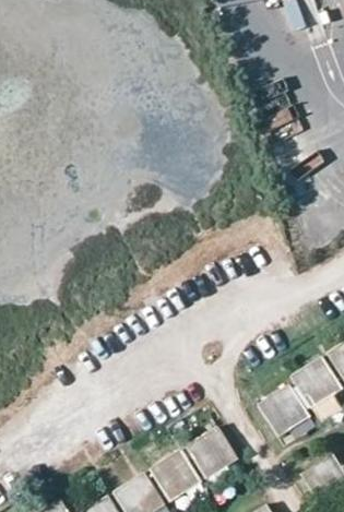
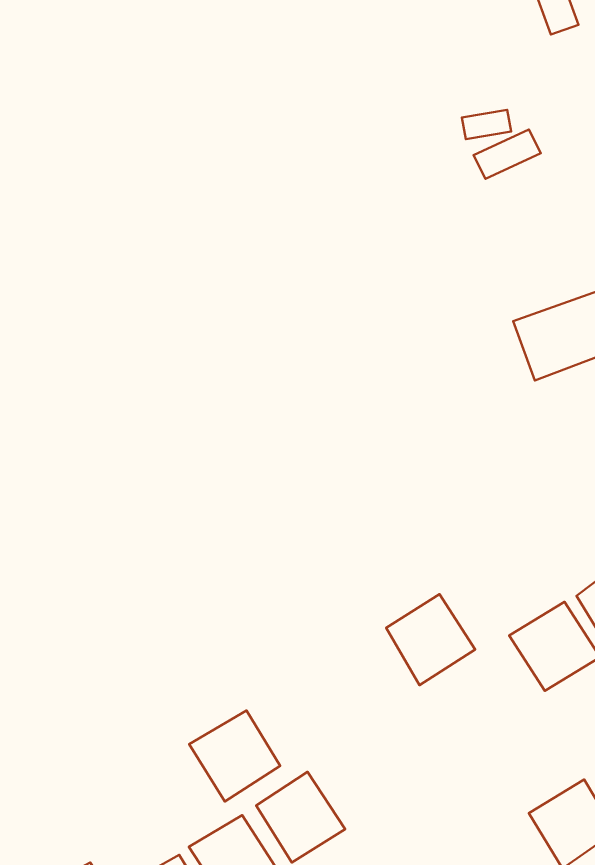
building: [261,385,310,436] -> [386,594,475,685]
building: [188,427,238,477] -> [189,711,280,802]

